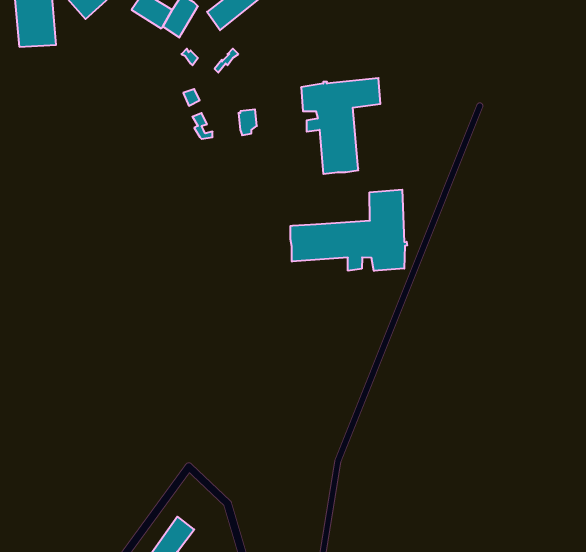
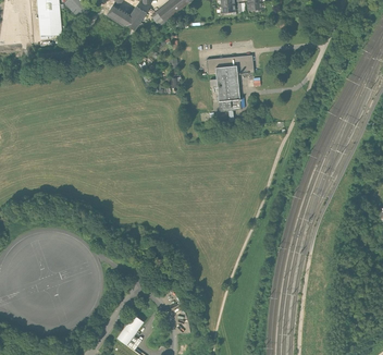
building: [290,190,407,271] -> none

